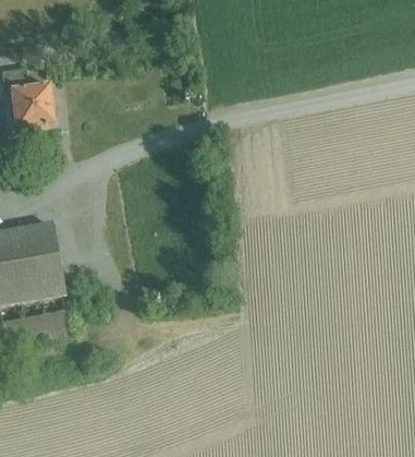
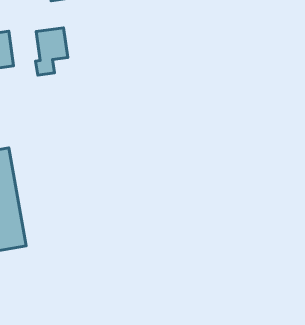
building: none -> [36,28,68,75]

